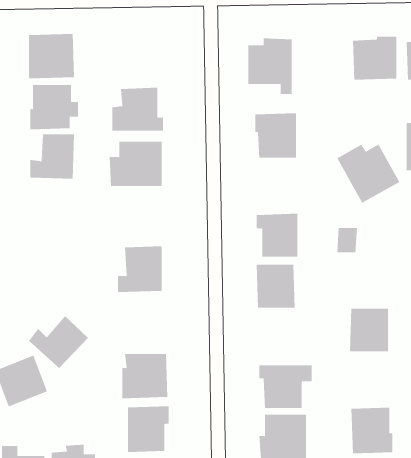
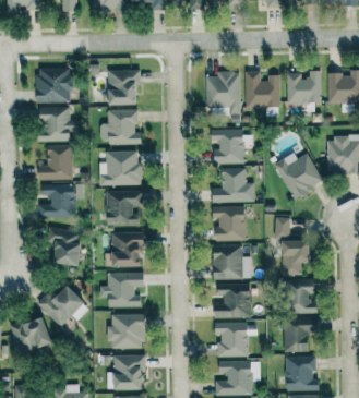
building: none -> [107,69,140,105]
building: none -> [246,70,279,114]
building: none -> [211,168,254,202]
building: none -> [38,184,75,218]
building: none -> [106,191,139,225]
building: none -> [46,227,80,266]
building: none -> [280,240,307,275]
building: none -> [99,272,143,307]
building: none -> [213,282,250,318]
building: none -> [283,316,318,352]

